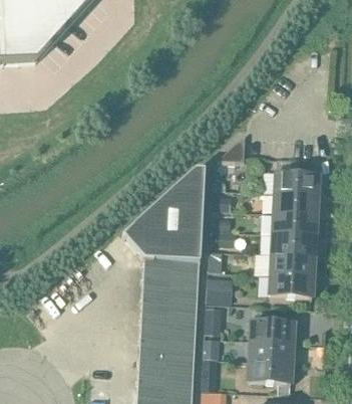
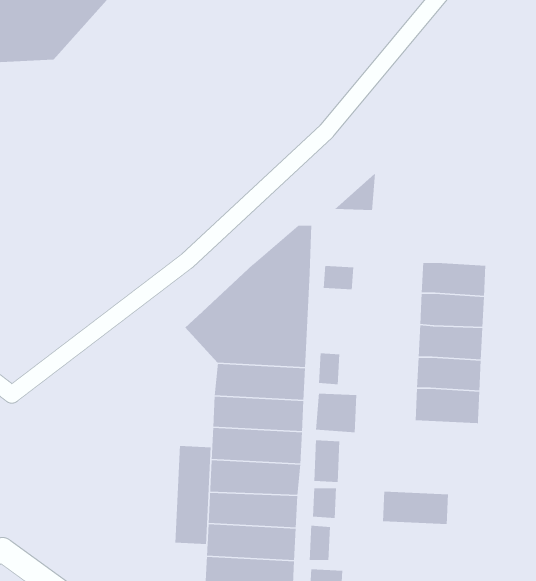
building: [276,157,319,194] -> none
building: none -> [174,445,211,545]
building: [251,318,294,342] -> none
building: [249,360,292,385] -> none

